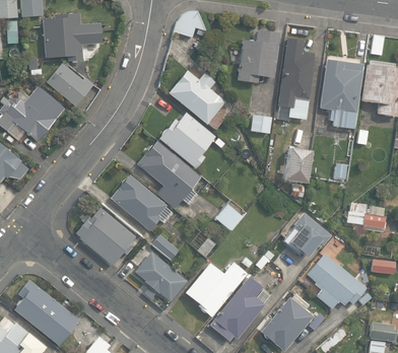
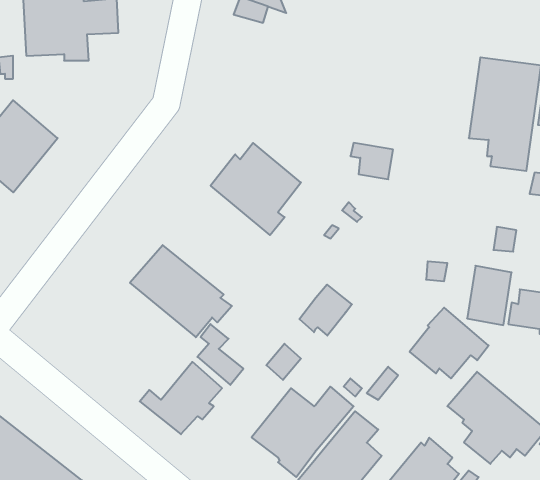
building: [238,29,280,83] -> none
building: [277,38,315,120] -> none
building: [46,63,94,107] -> none
building: [168,70,225,129] -> none
building: [137,141,201,209] -> none
building: [284,147,312,184] -> [467,266,512,325]
building: [75,207,136,266] -> none
building: [152,267,192,307] -> none

